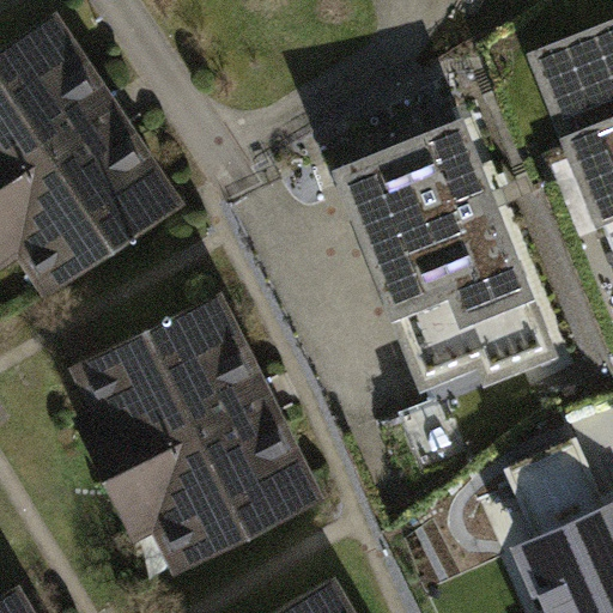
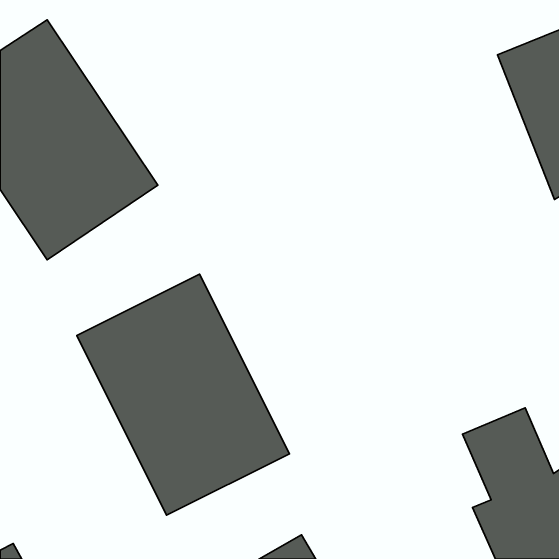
building: [345,135,554,377] -> none

